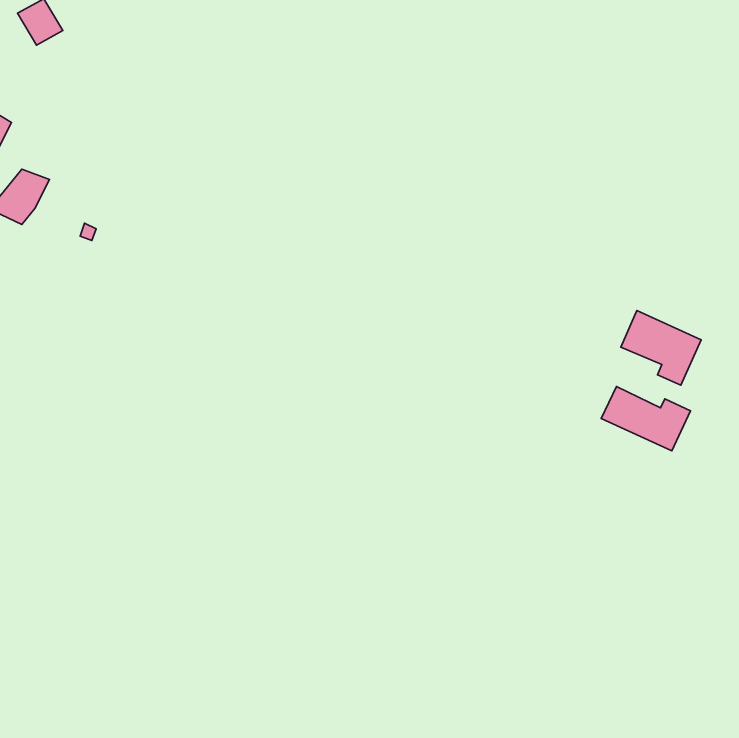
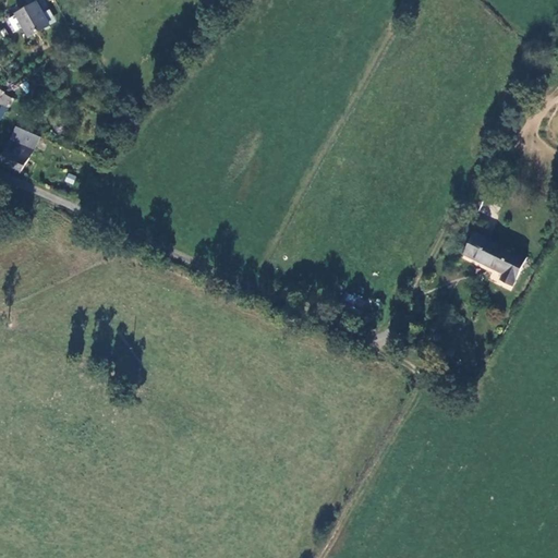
building: [601,387,690,451] -> none

